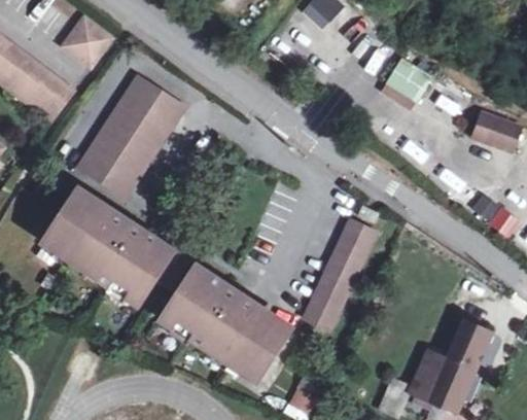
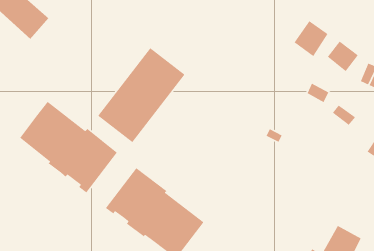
building: [78,75,185,198] -> [97,47,186,143]
building: [304,217,380,330] -> none

